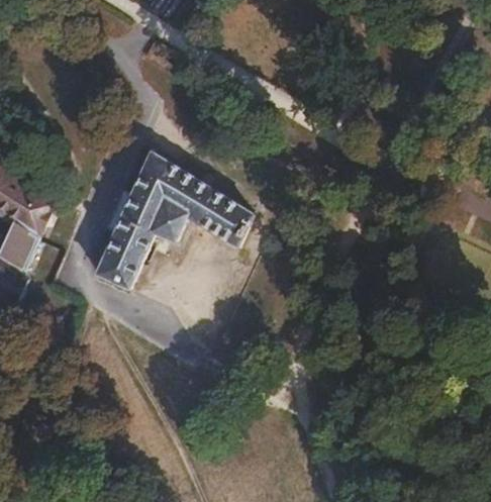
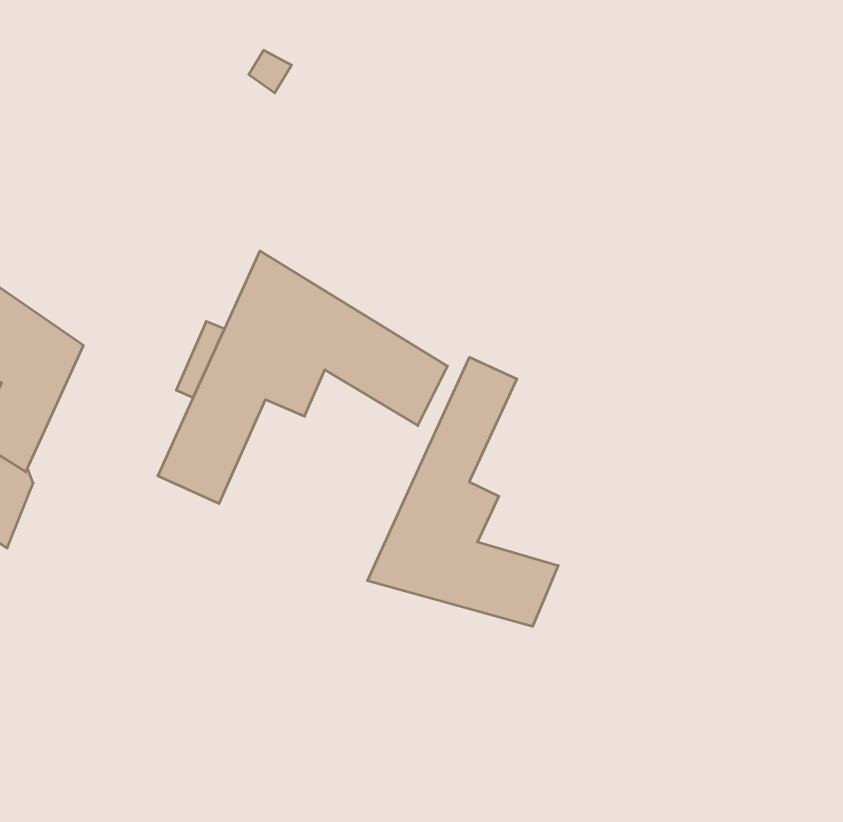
building: none -> [367,357,558,626]

